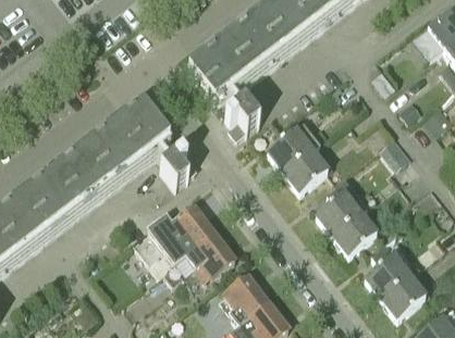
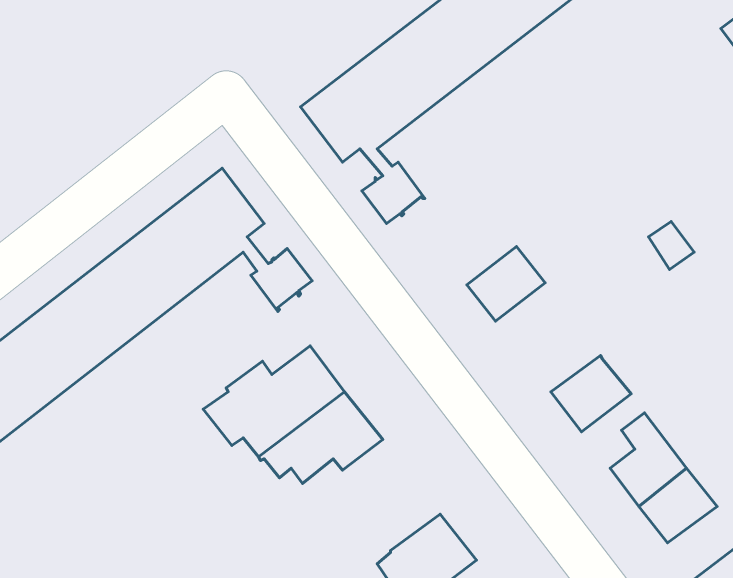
building: [267,120,320,168] -> none
building: [316,185,367,229] -> none
building: [224,273,268,320] -> none

